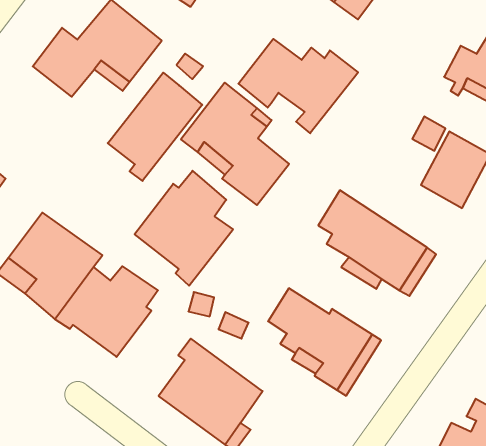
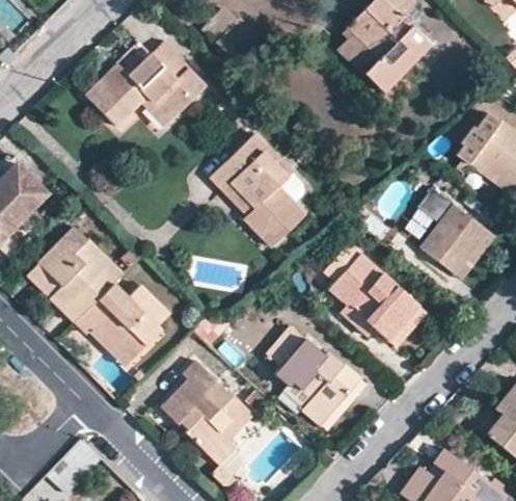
building: [238,39,358,133] -> none
building: [108,73,202,181] -> none
building: [135,171,233,286] -> none

